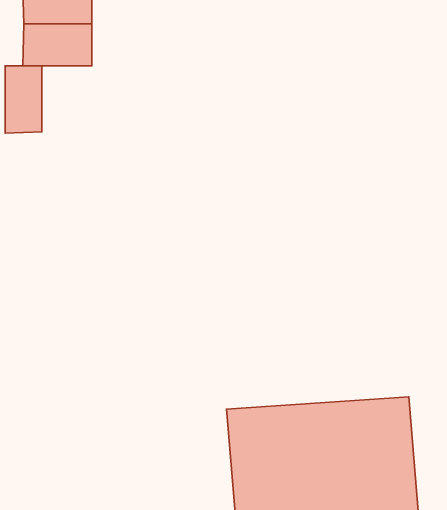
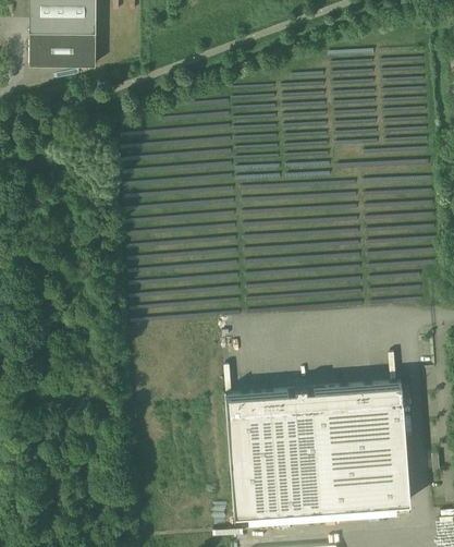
building: [5,66,42,133] -> none

